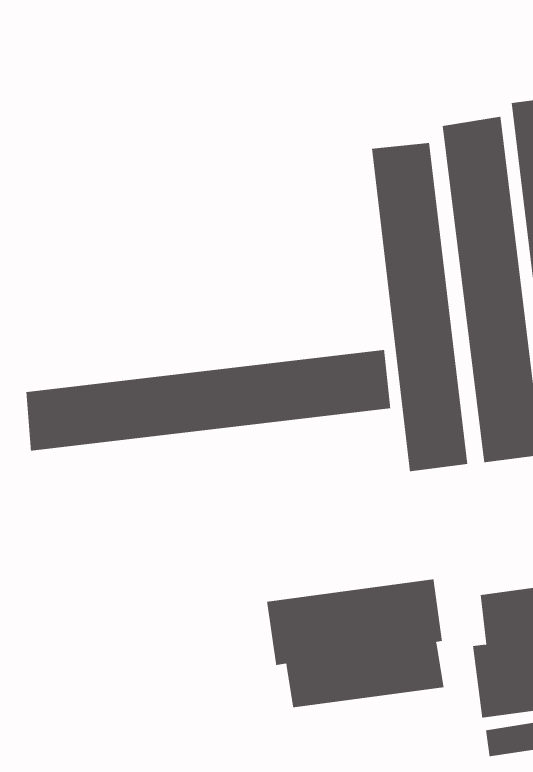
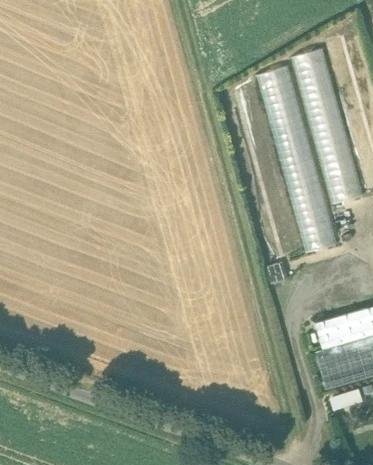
building: [26,349,391,452] -> none
building: [267,579,444,708] -> none

